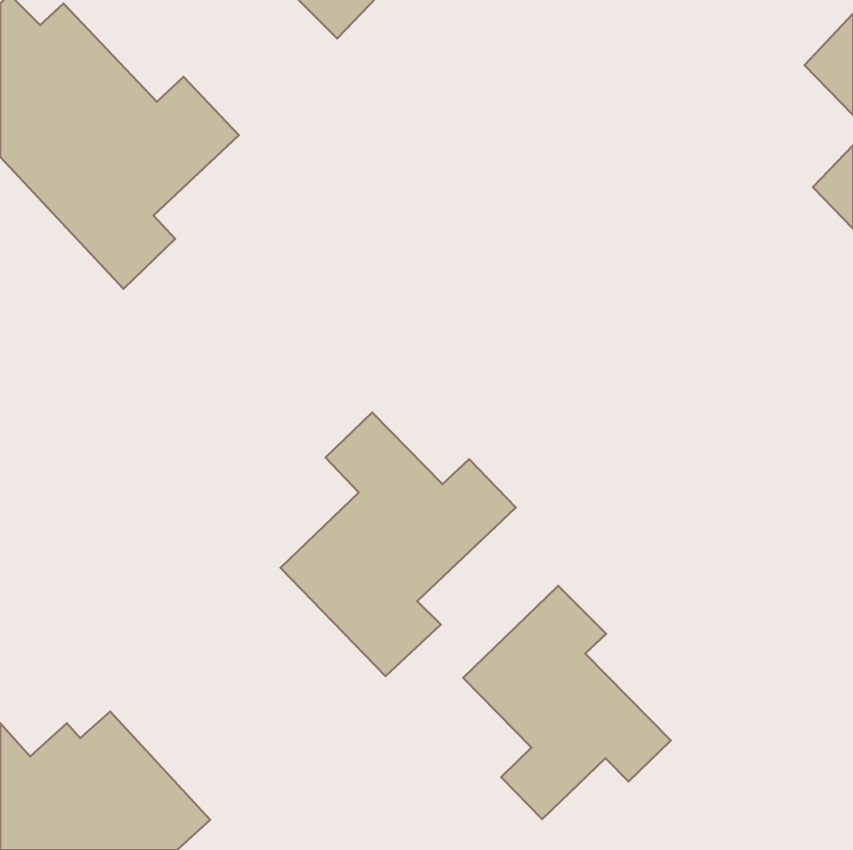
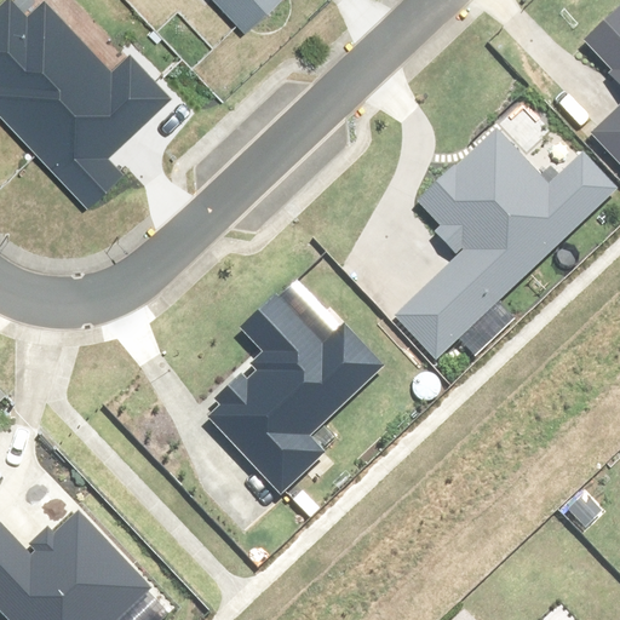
building: none -> [395,134,609,358]
building: [463,586,671,819] -> none

